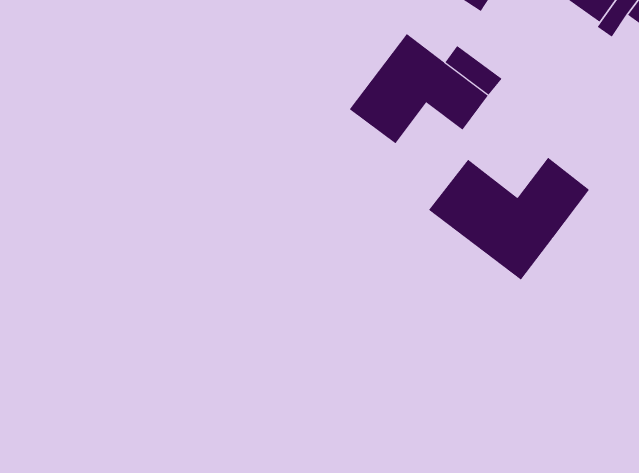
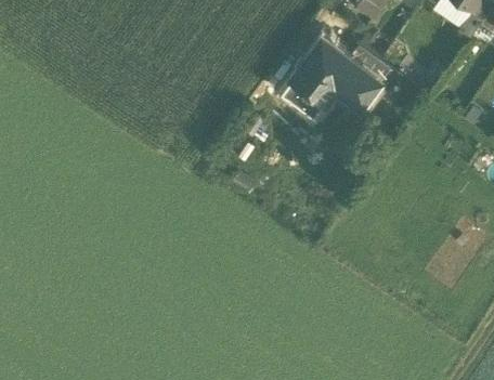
building: [428,157,590,281] -> none

